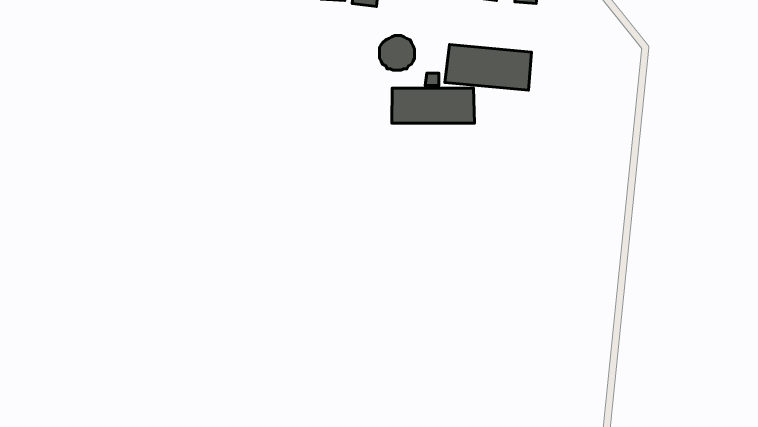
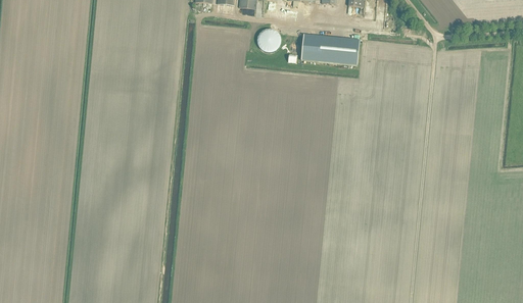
building: [392,88,475,123] -> none

